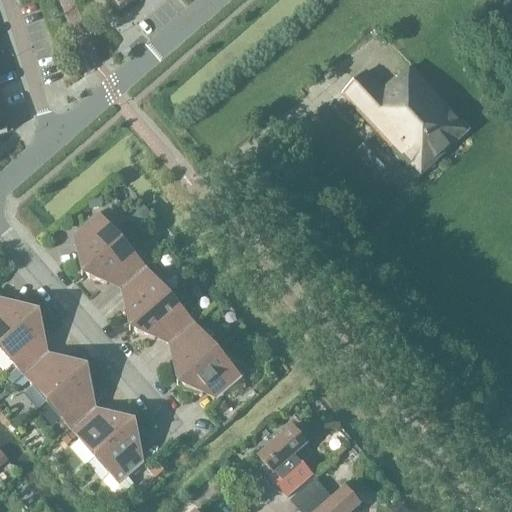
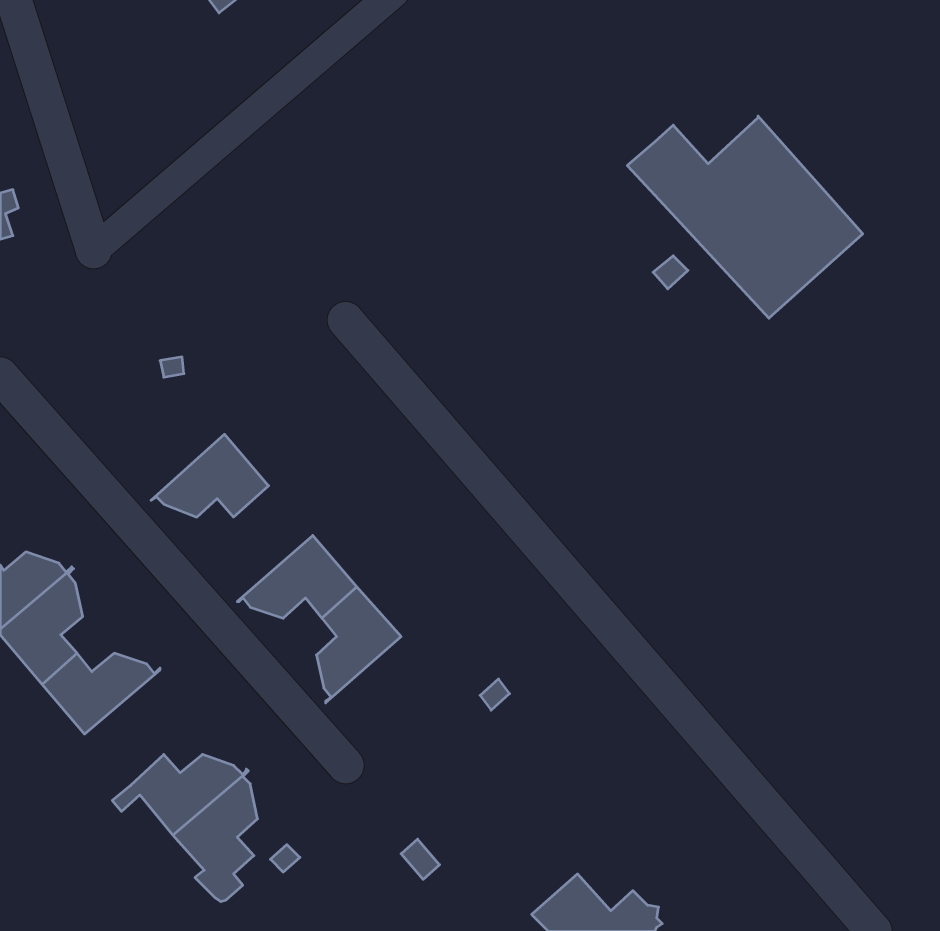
building: [76,209,122,272] -> none
building: [124,264,170,327] -> none
building: [177,346,242,391] -> none
building: [46,364,92,427] -> none
building: [257,423,312,494] -> none

